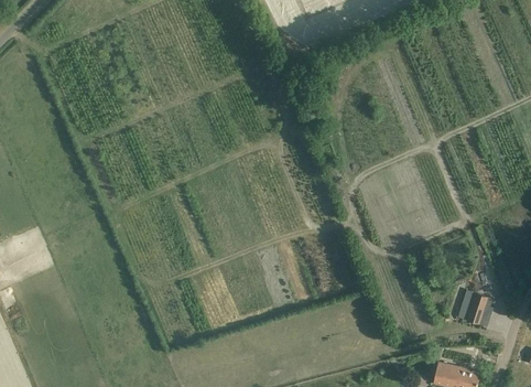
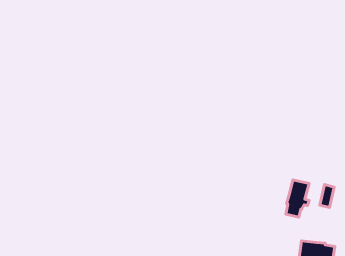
building: none -> [286,180,309,217]

